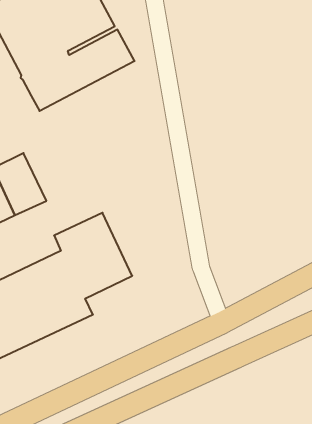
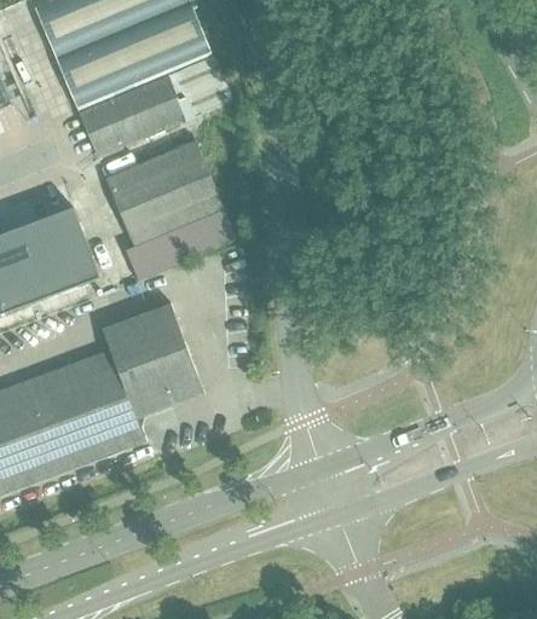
building: none -> [105,140,237,279]

